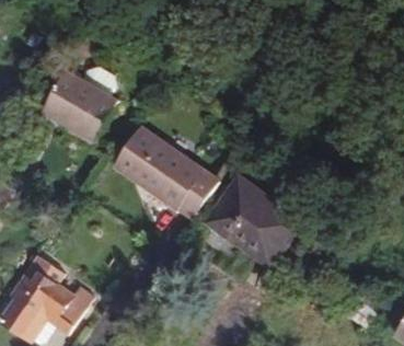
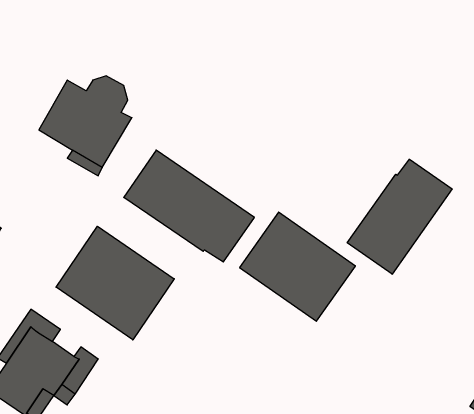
building: none -> [347,159,452,274]
building: none -> [56,226,174,340]

